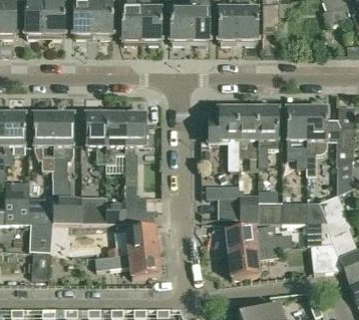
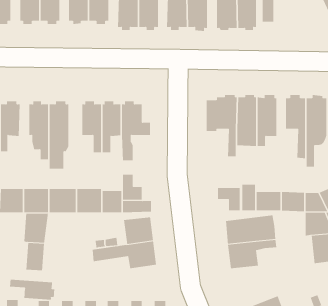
building: none -> [9,279,55,301]

